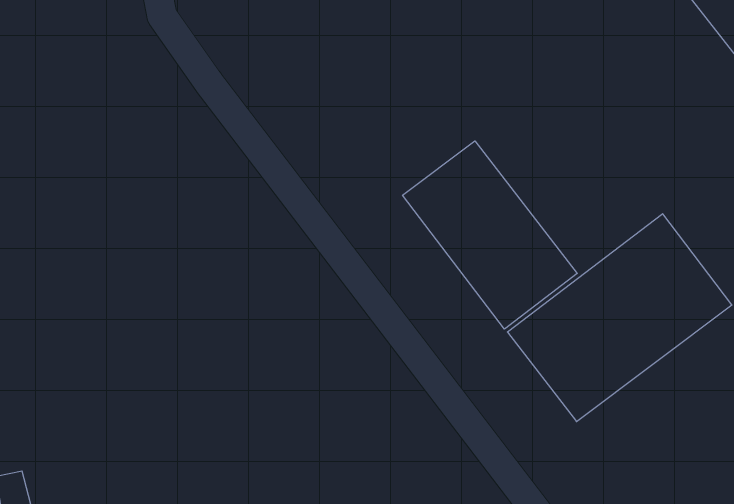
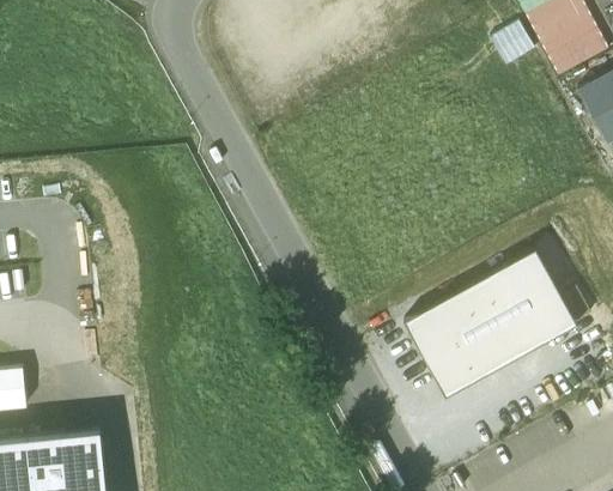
building: [403,141,577,329] -> none

